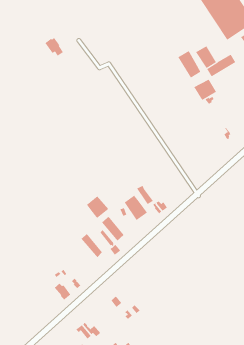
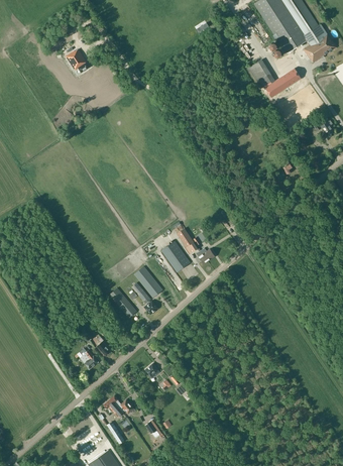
building: [177,50,201,78] -> none
building: [194,79,217,101] -> none
building: [86,196,109,219] -> none

